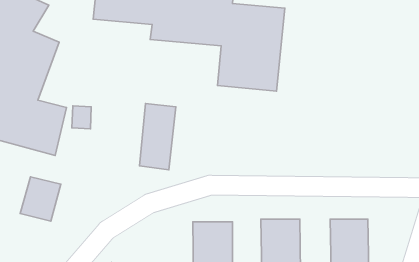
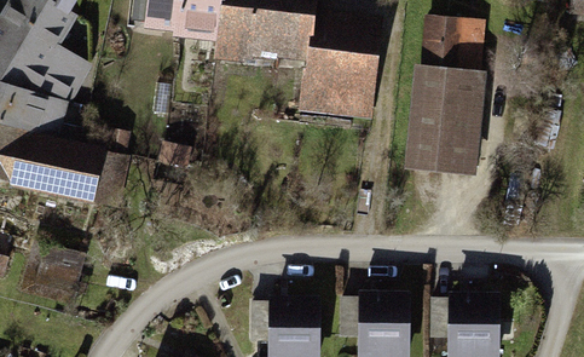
building: none -> [403,17,486,174]
building: [139,104,176,170] -> none

